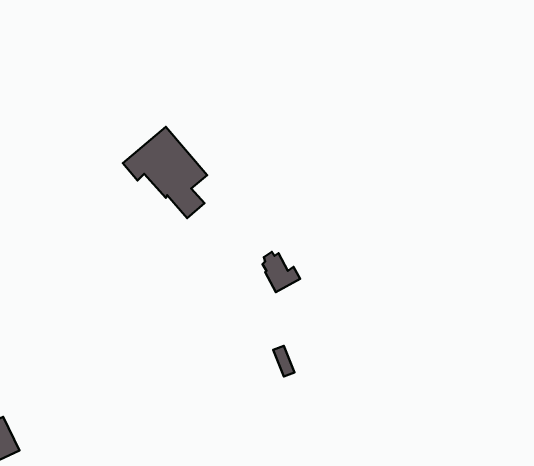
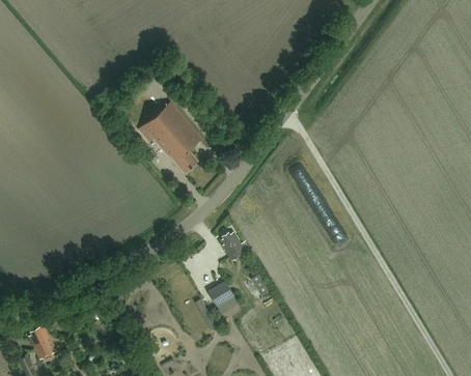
building: [262,252,300,292] -> [221,230,250,261]
building: none -> [206,280,234,306]

